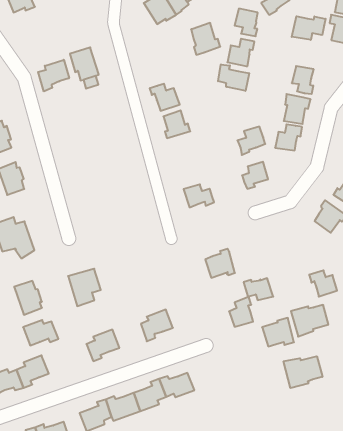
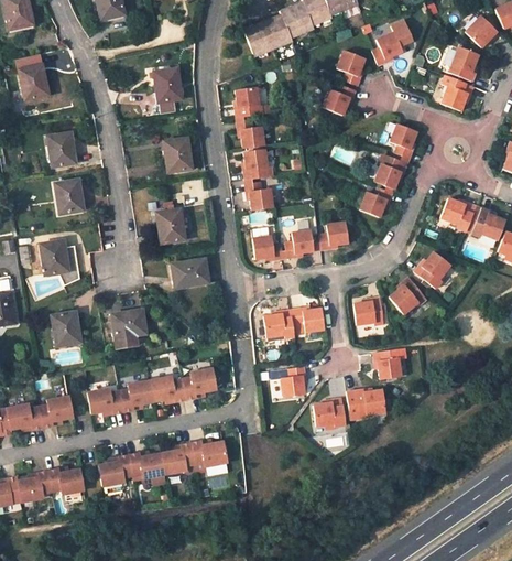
building: [292,16,326,40] -> none
building: [191,23,220,55] -> [233,87,262,119]
building: [38,60,69,91] -> none
building: [218,64,249,91] -> none
building: none -> [165,138,193,172]
building: [237,127,265,155] -> [285,231,315,259]
building: none -> [247,183,274,212]
building: none -> [157,209,185,244]
building: none -> [172,259,208,288]
building: none -> [356,299,385,326]
building: [244,278,273,300] -> [293,306,323,330]
building: [23,320,58,345] -> [88,387,124,412]
building: none -> [151,375,186,400]
building: [284,356,322,388] -> none

